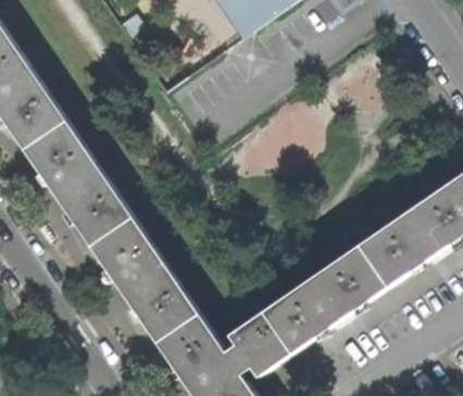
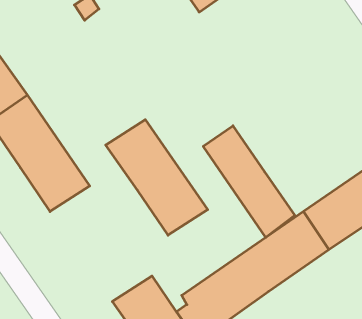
building: none -> [203,126,295,237]
building: [89,218,198,341] -> [106,120,208,235]

